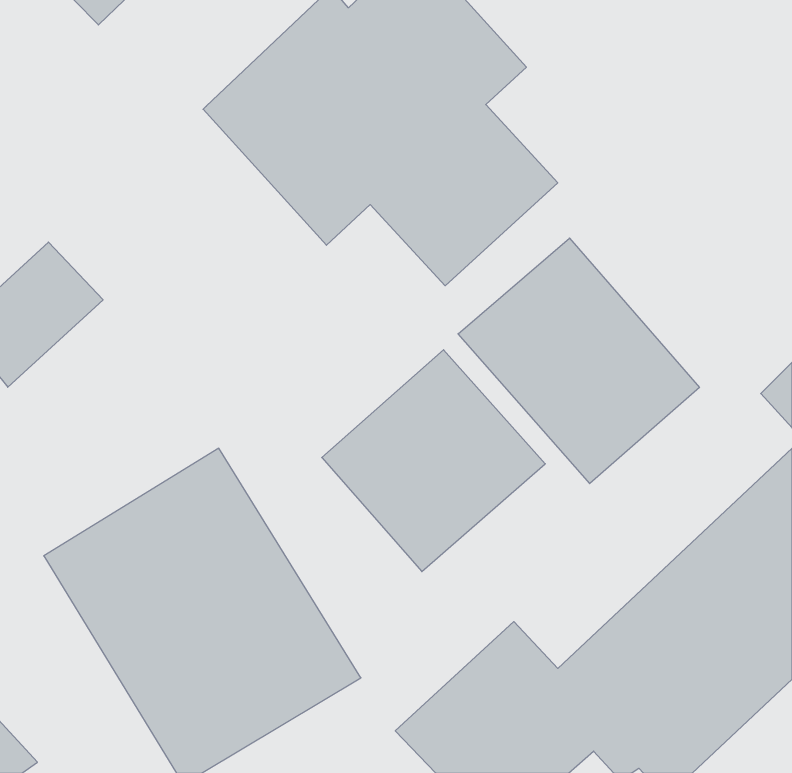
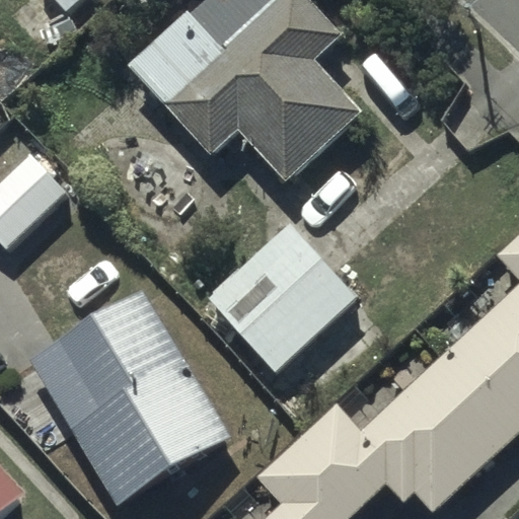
building: [458,238,699,484] -> none

